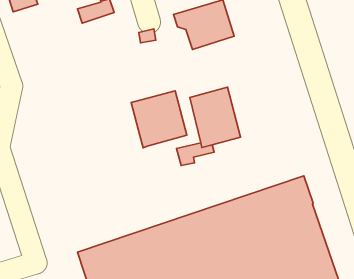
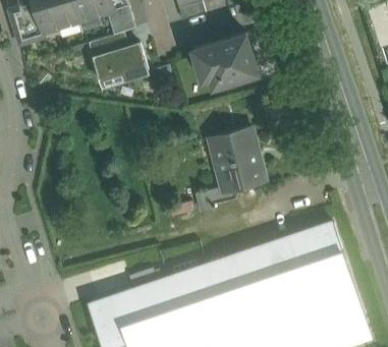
building: none -> [93,44,148,84]
building: [131,91,187,148] -> none

